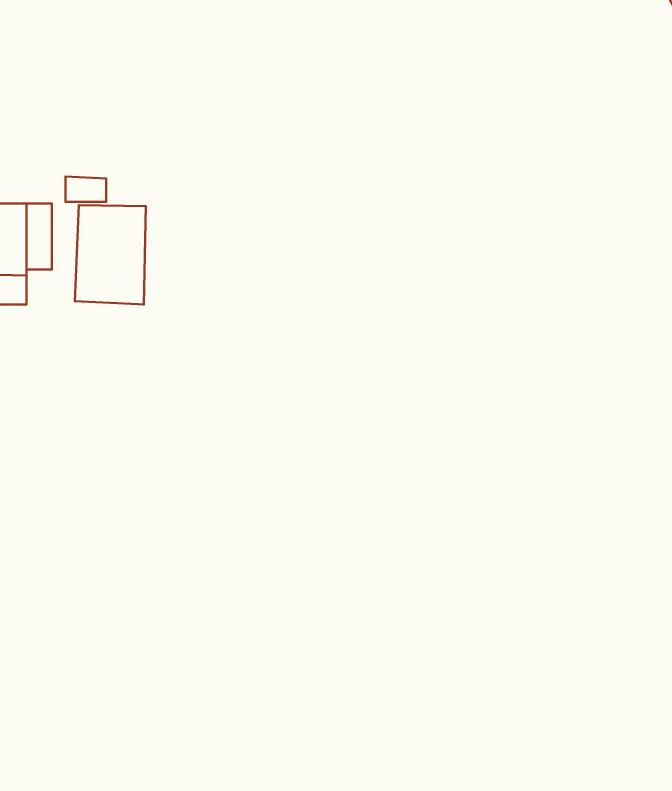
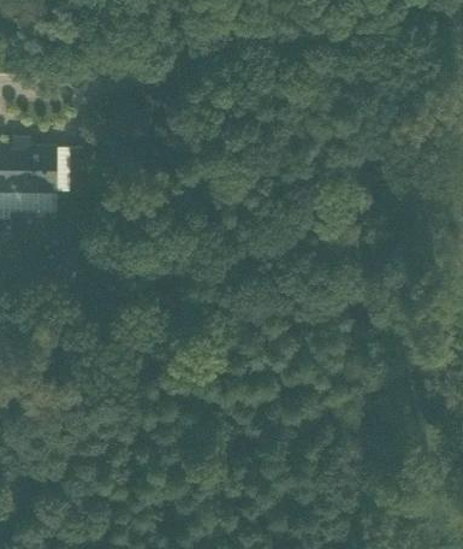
building: [75,205,146,304] -> none

